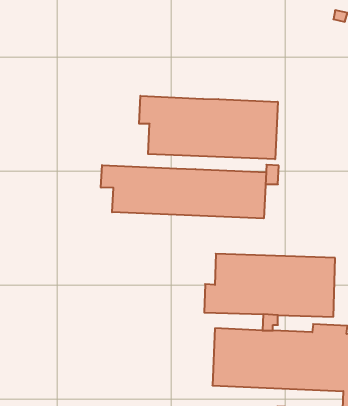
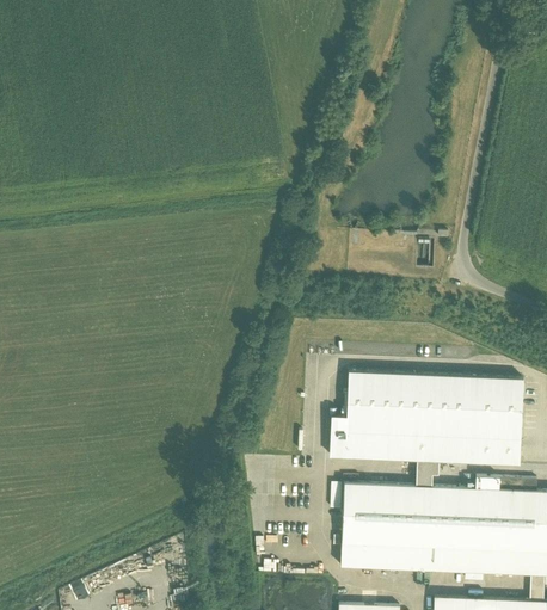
building: [139,96,278,159] -> none
building: [101,165,266,218] -> none

